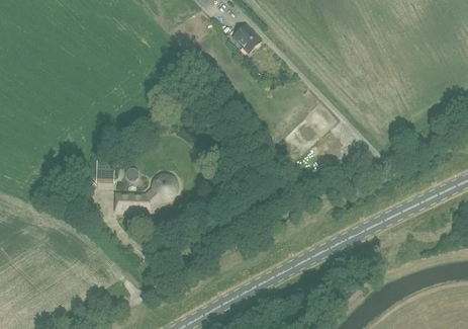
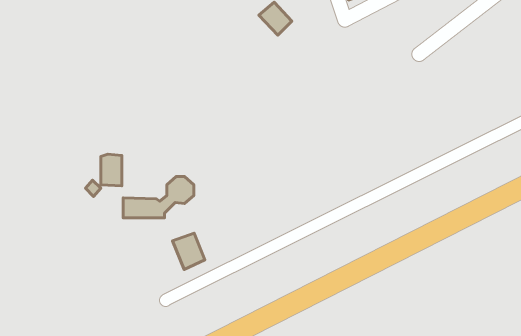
building: none -> [173,233,205,269]

